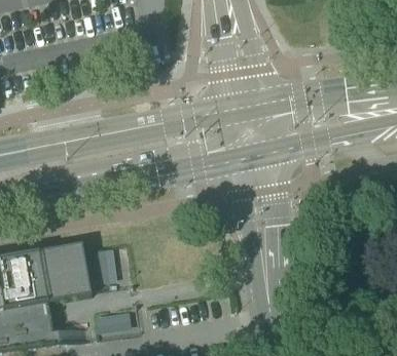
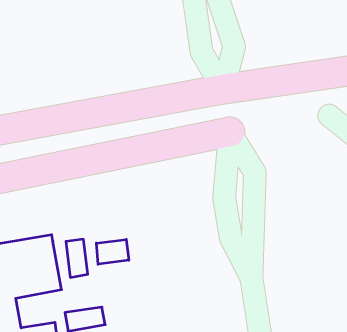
building: none -> [96,239,129,264]

